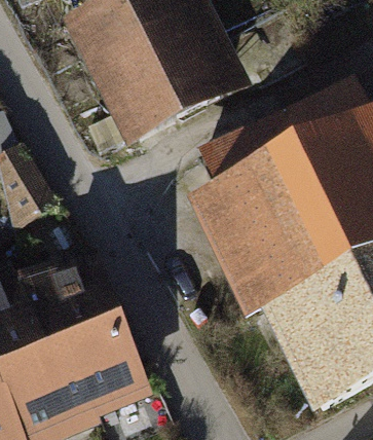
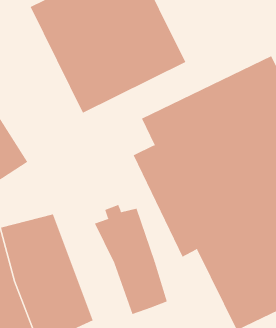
building: none -> [94,204,167,315]

